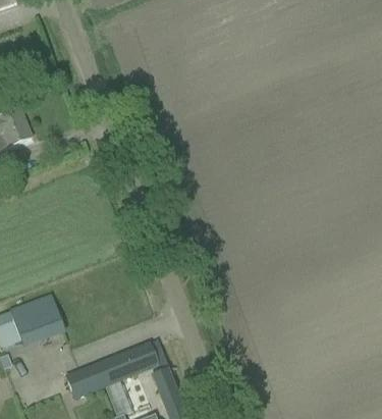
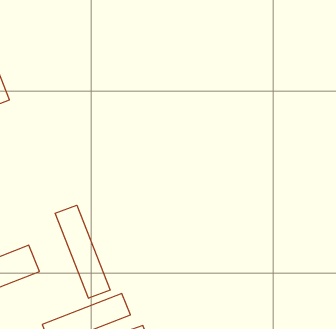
building: none -> [55,205,110,298]

